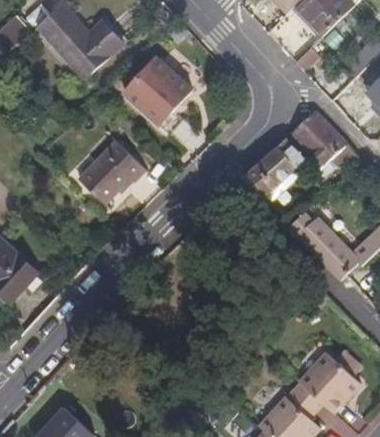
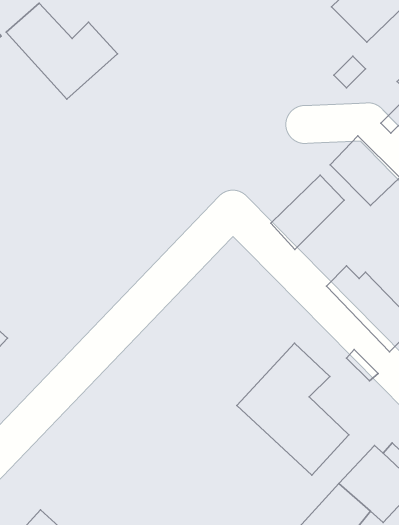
building: [123,58,190,132] -> none
building: [76,140,144,205] -> none
building: none -> [237,343,349,475]

